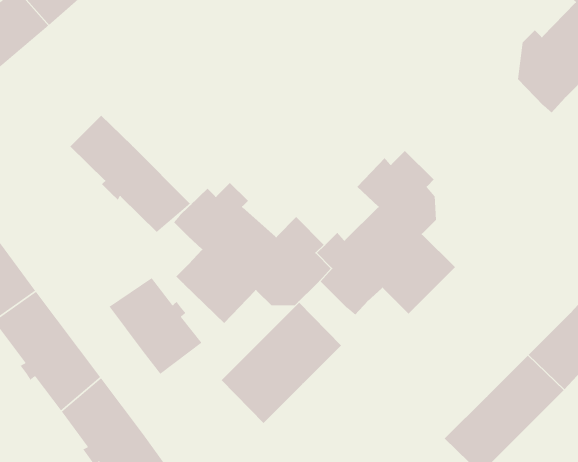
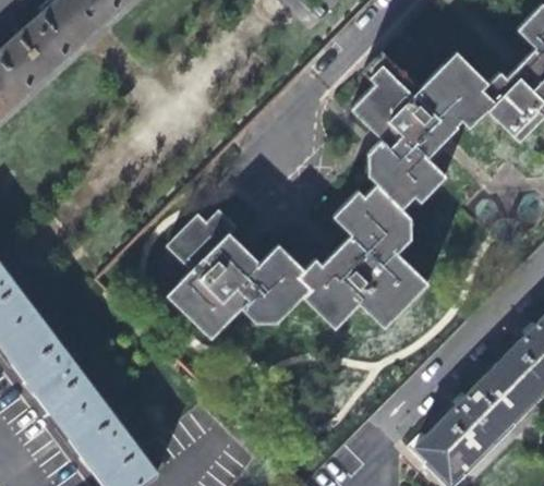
building: none -> [350,50,486,209]
building: [69,115,191,233] -> none
building: [108,277,202,375] -> none
building: [221,302,342,424] -> none

